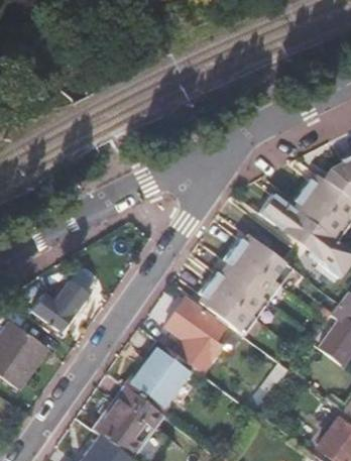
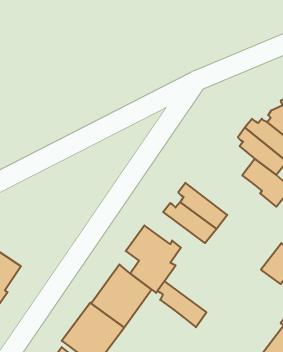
building: [259,192,313,242] -> none
building: [234,239,294,286] -> none
building: [33,280,89,331] -> none
building: [201,283,256,336] -> [157,281,206,327]

